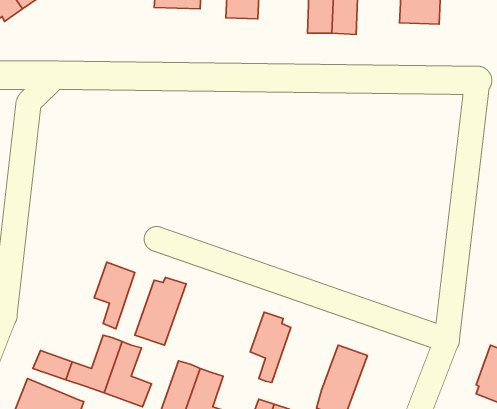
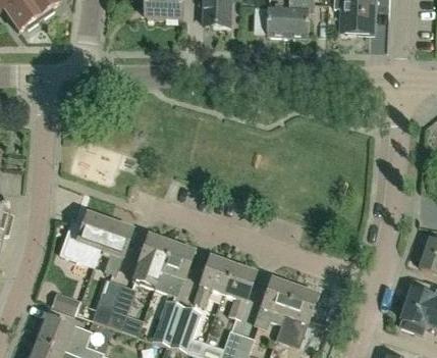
building: none -> [58,213,109,261]
building: none -> [155,239,194,296]
building: none -> [194,255,234,305]
building: none -> [255,279,293,327]

